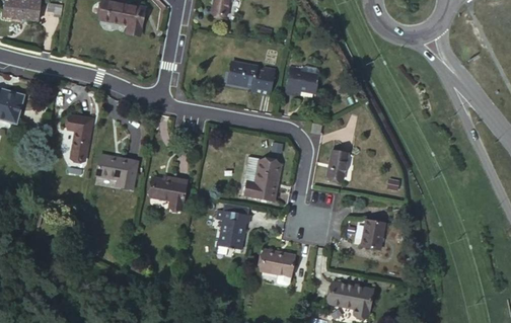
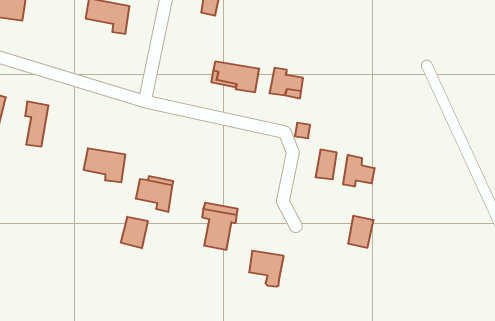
building: [69,109,92,154] -> [25,102,49,147]
building: none -> [343,155,375,187]
building: [244,162,280,203] -> none
building: none -> [121,217,148,248]
building: [326,278,371,314] -> none

